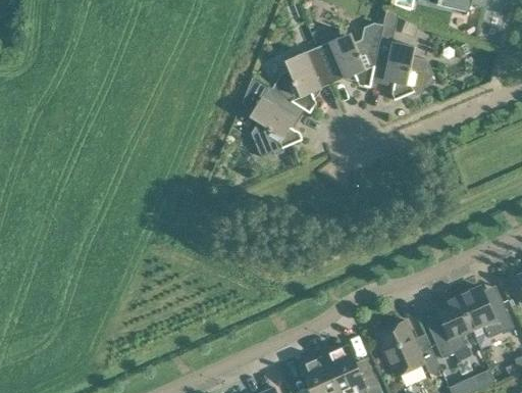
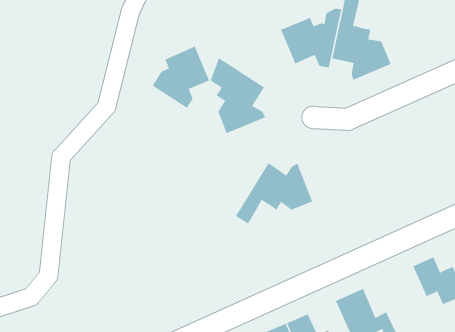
building: [272,46,333,112] -> [152,46,210,109]
building: none -> [235,162,313,225]
building: [429,296,472,358] -> none

